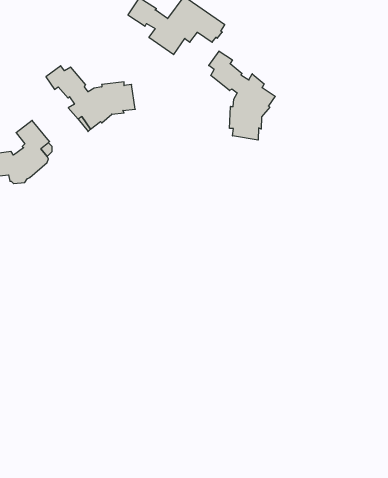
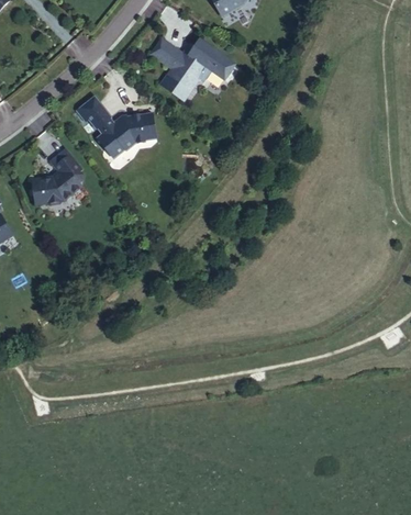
building: [209,51,275,140] -> none

